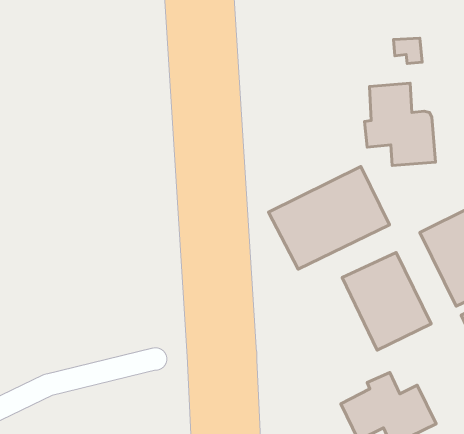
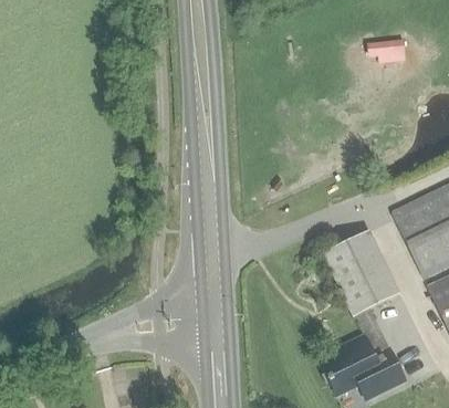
building: [365,83,435,166] -> none
building: [269,167,389,269] -> none

